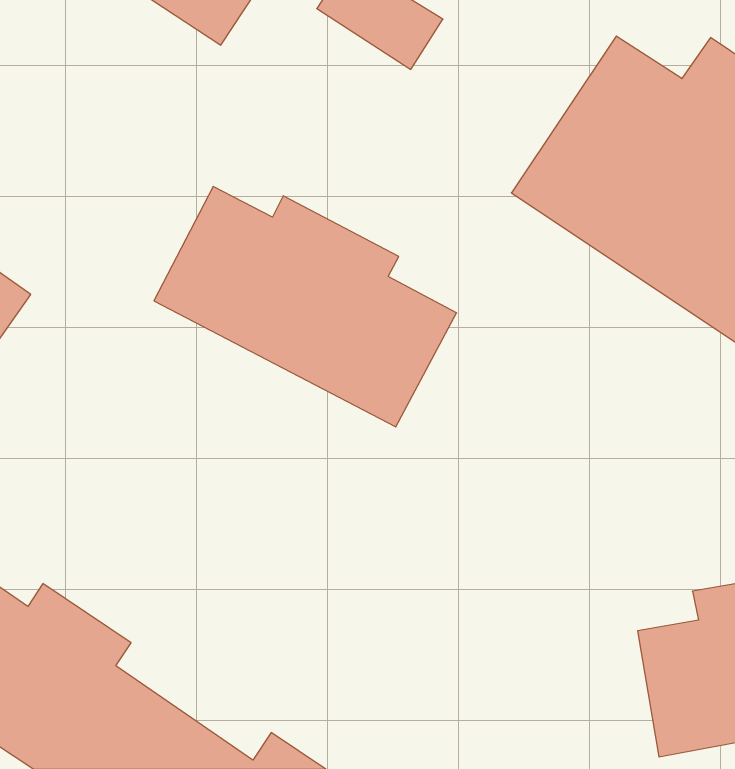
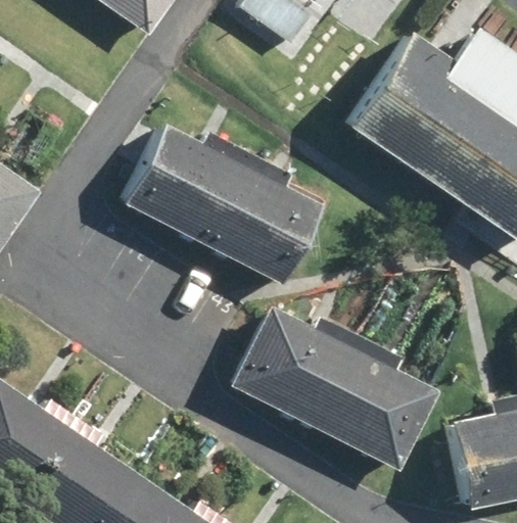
building: none -> [226,308,436,472]

